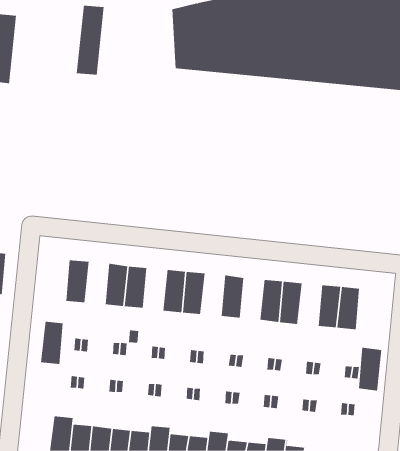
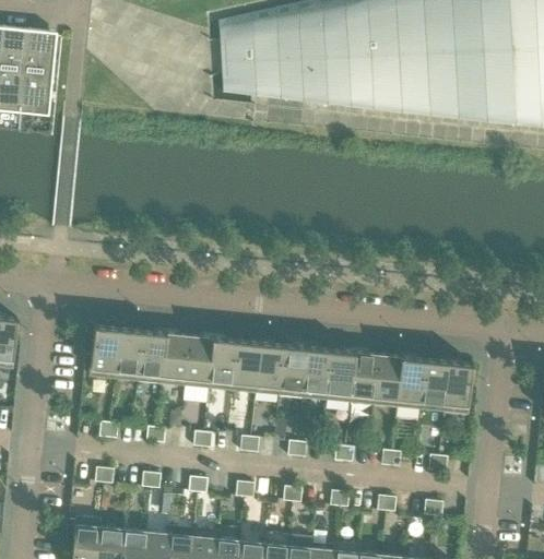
building: [76,5,105,75] -> [21,28,56,114]
building: none -> [184,335,212,388]
building: none -> [253,342,282,394]
building: none -> [301,347,330,399]
building: none -> [371,354,400,406]
building: [40,321,64,364] -> [113,328,141,380]
building: [358,347,382,391] -> [442,360,472,414]

